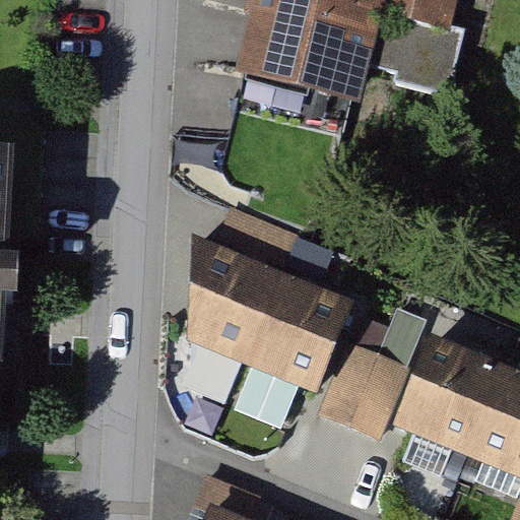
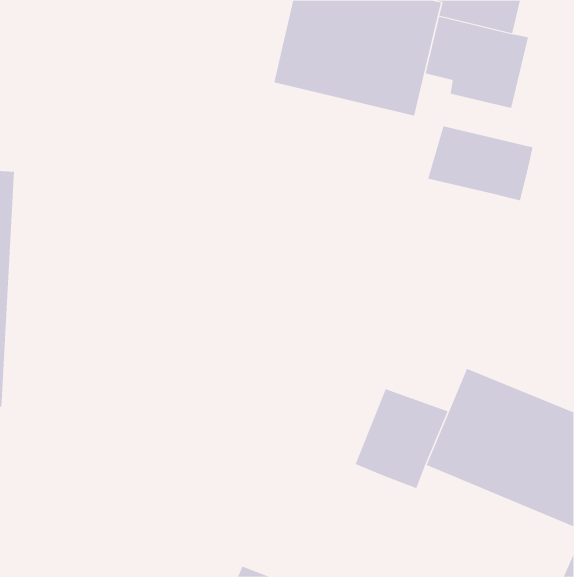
building: none -> [427,125,533,201]
building: [187,208,352,392] -> none

